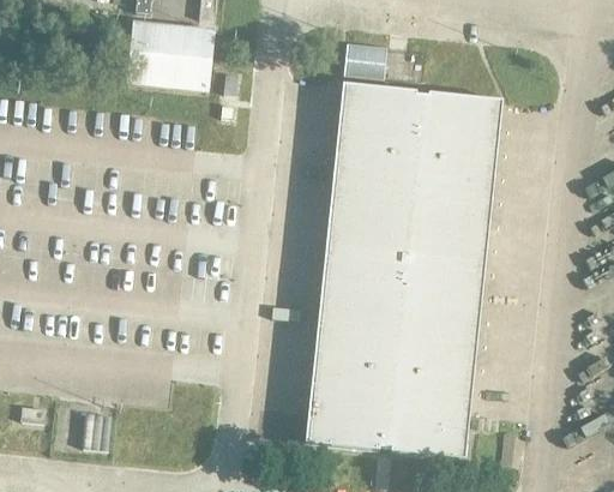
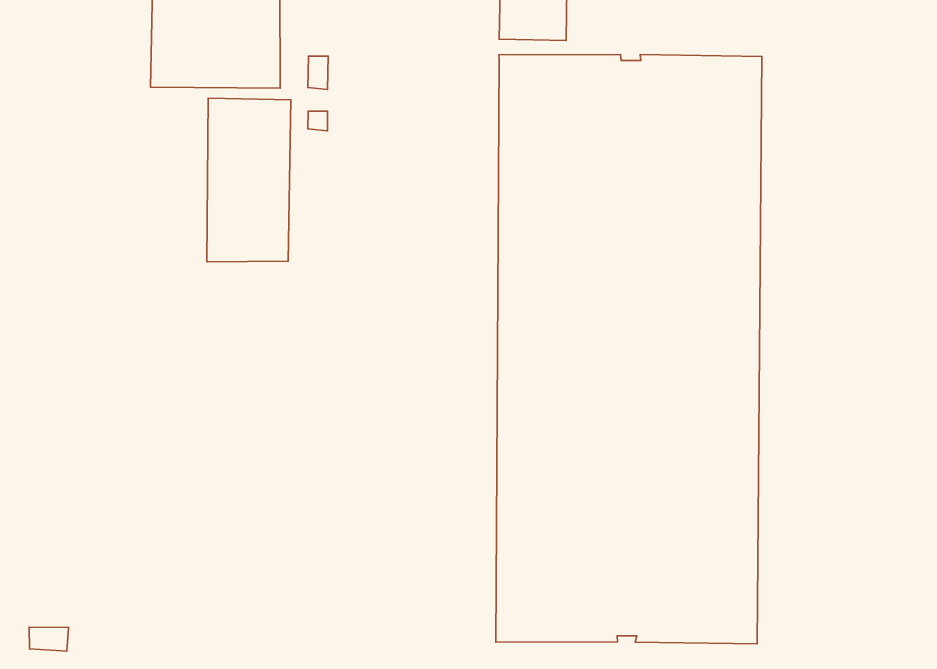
building: none -> [207,98,291,262]

